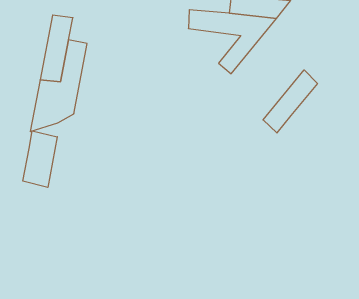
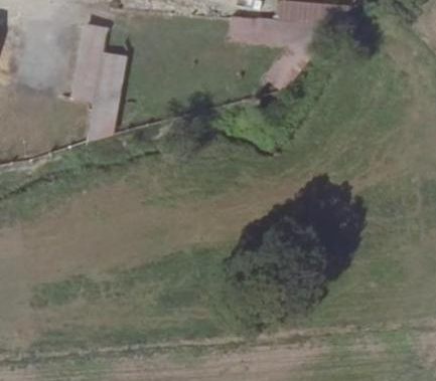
building: [263,70,317,133] -> none
building: [23,131,57,187] -> none

